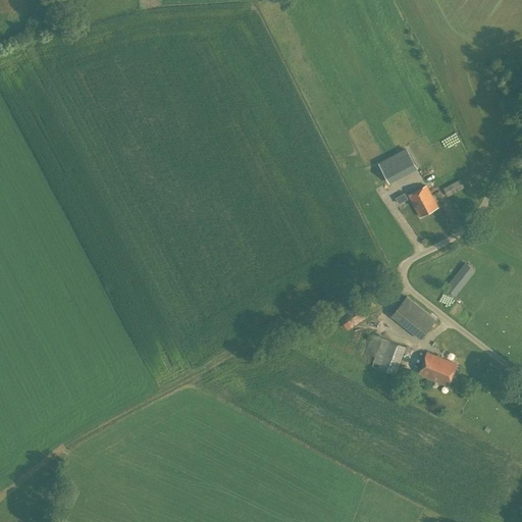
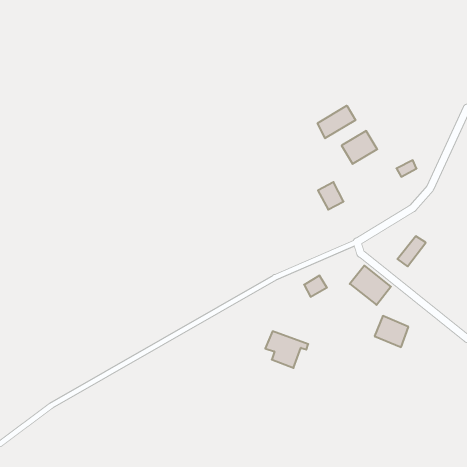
building: none -> [318,106,355,138]
building: [408,187,436,217] -> [318,182,344,210]
building: [363,335,411,376] -> [265,331,308,368]

